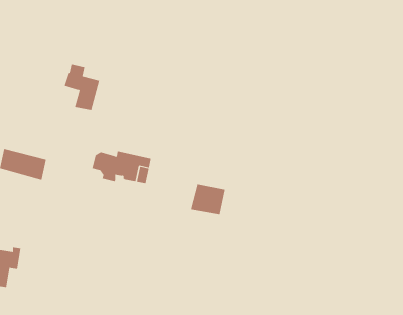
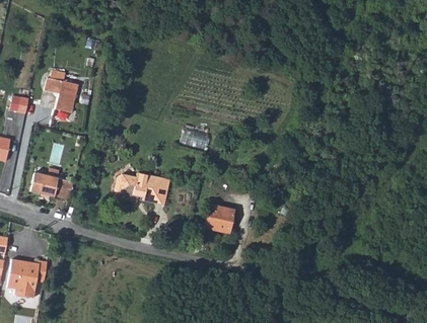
building: [64,64,100,110] -> [42,68,75,110]
building: none -> [180,126,208,145]

